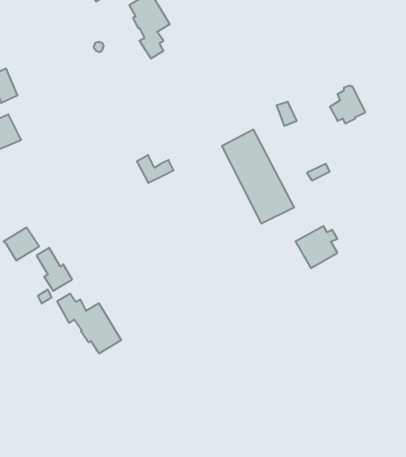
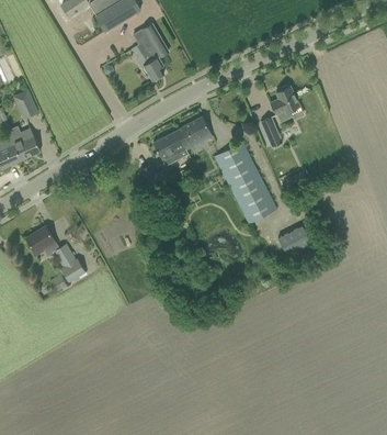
building: [330,85,365,123] -> [270,85,300,118]
building: none -> [152,115,212,161]
building: [57,294,121,354] -> none

